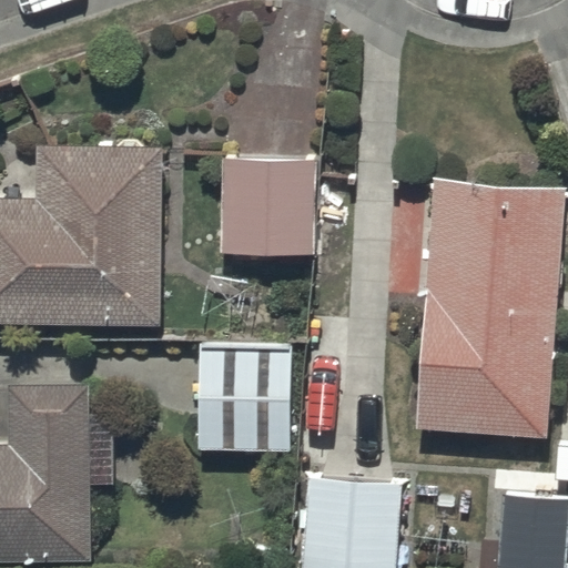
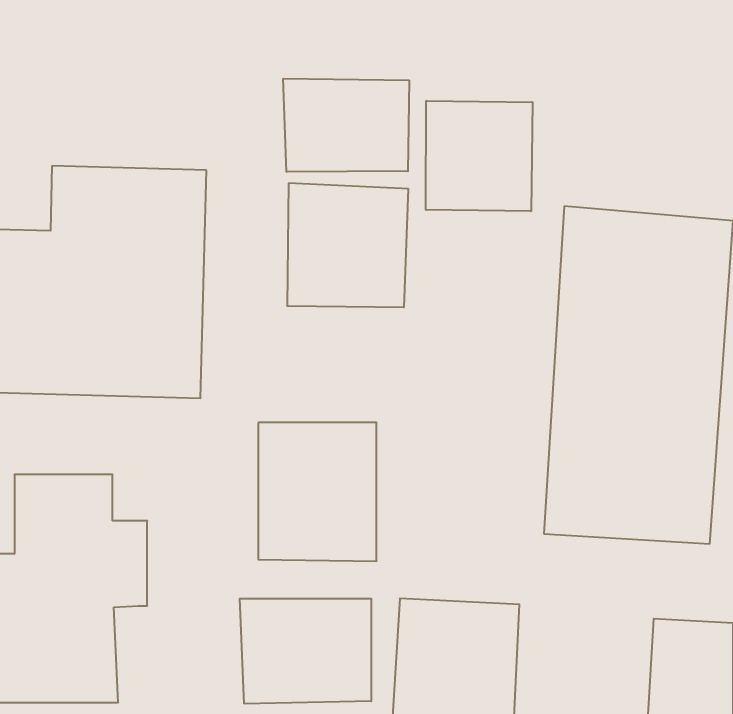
building: none -> [283,79,409,172]
building: none -> [426,101,532,211]
building: none -> [240,599,371,704]

